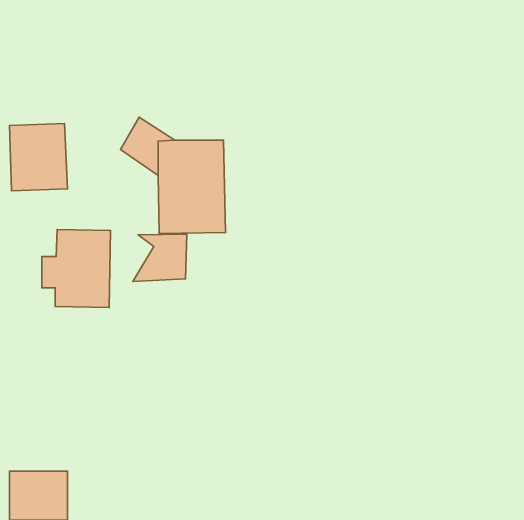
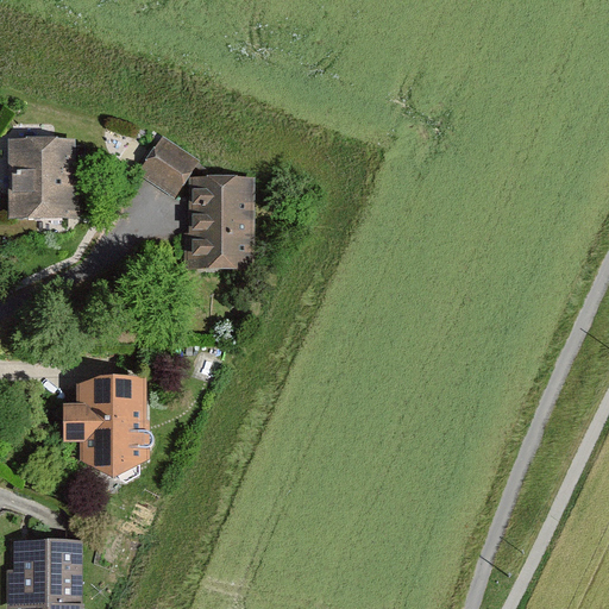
building: [42,230,110,307] -> [62,381,140,470]
building: [133,234,187,282] -> none

